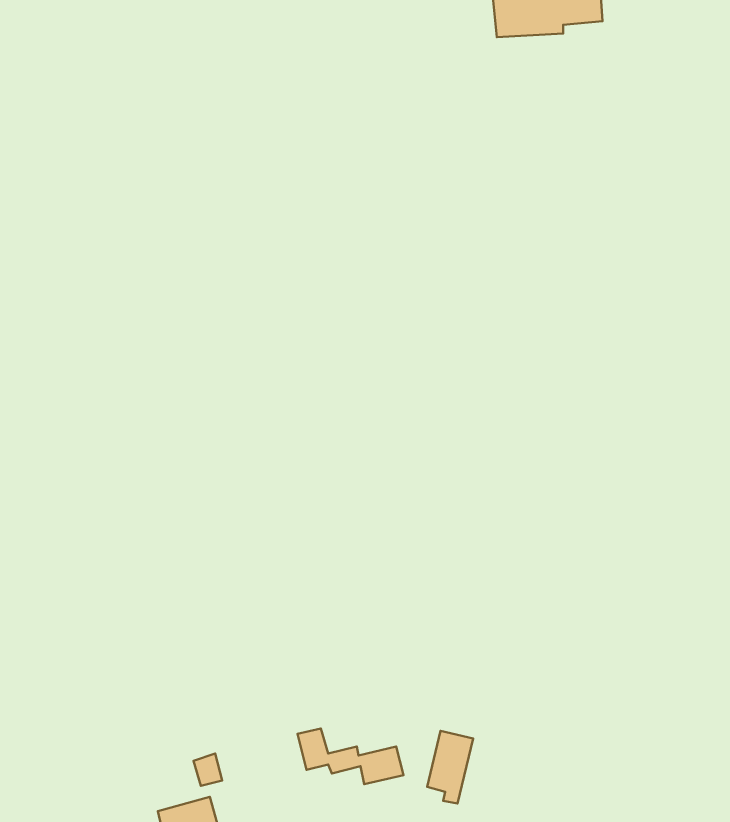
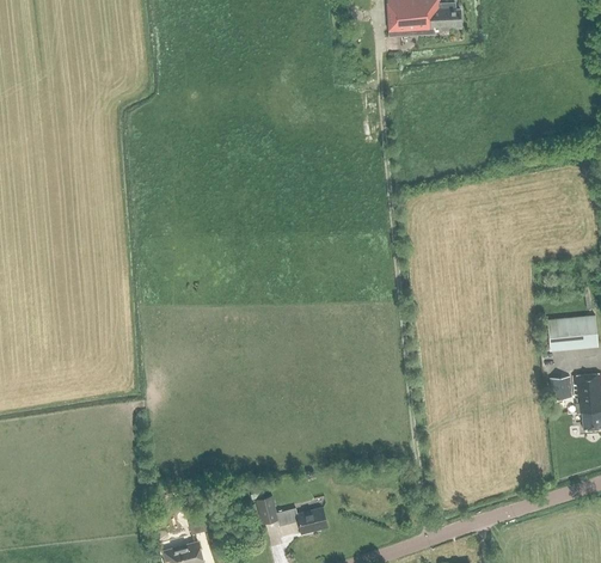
building: [427,731,473,804] -> none

